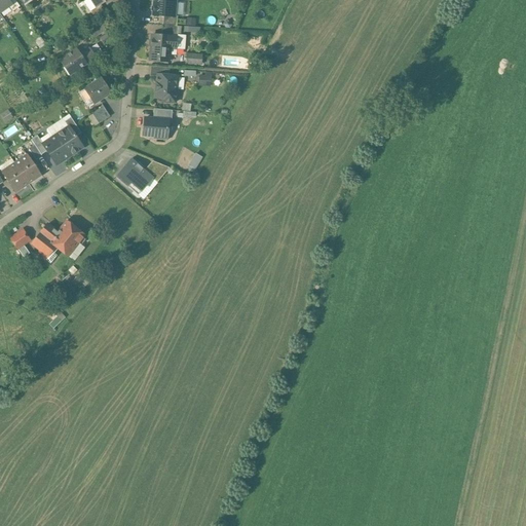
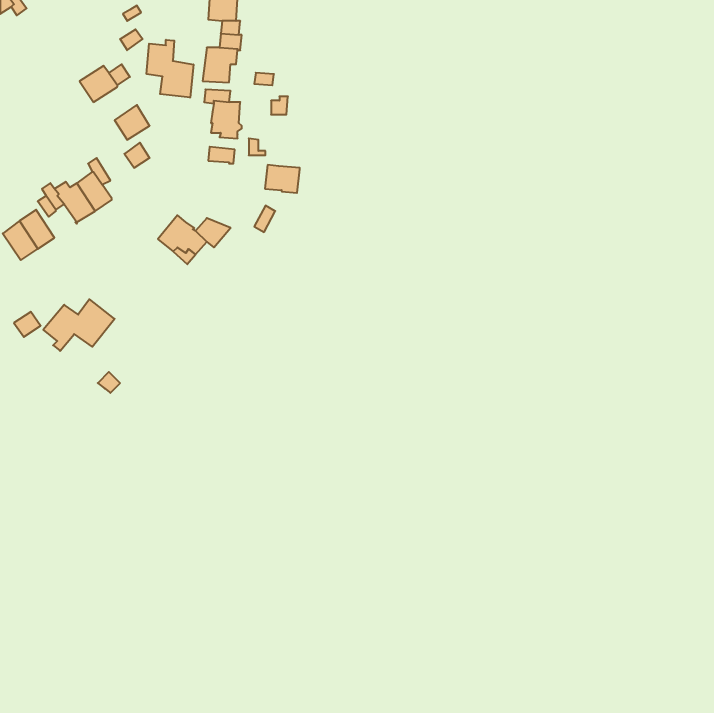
building: none -> [147,40,193,98]
building: [143,117,168,138] -> [265,165,300,193]

